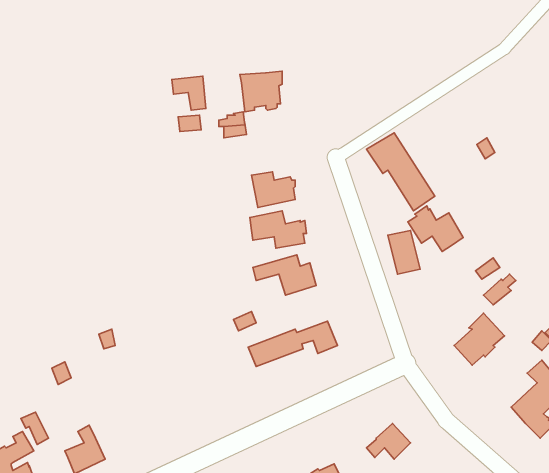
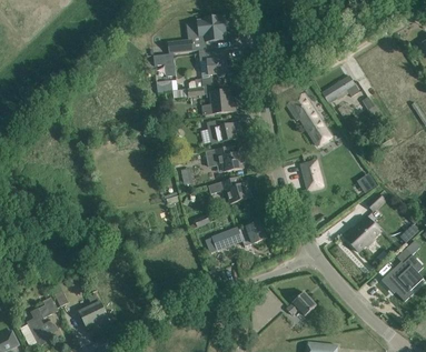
building: none -> [167,16,226,53]
building: none -> [321,76,359,104]
building: none -> [202,90,235,115]
building: [408,206,463,252] -> none

